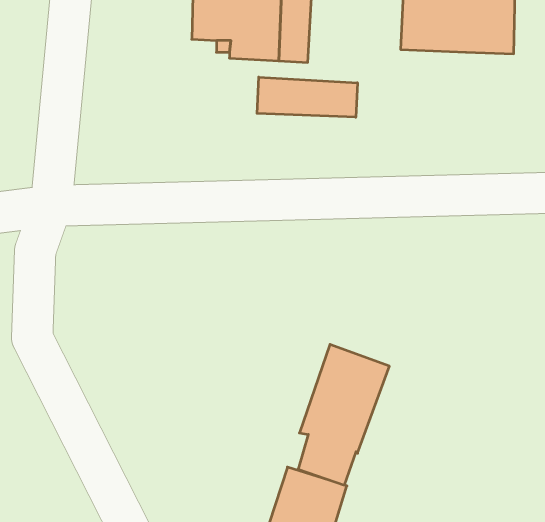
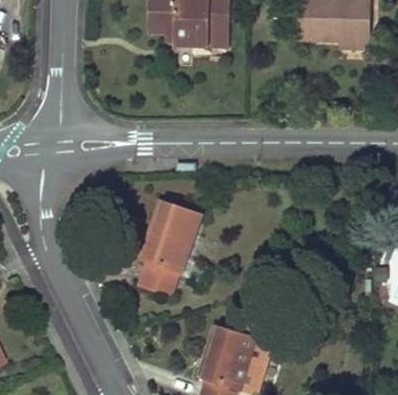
building: [257,77,357,117] -> none
building: [298,344,389,485] -> [139,199,202,296]

